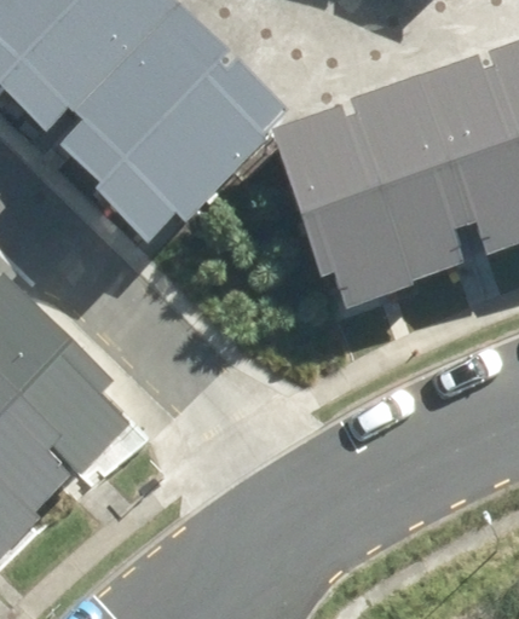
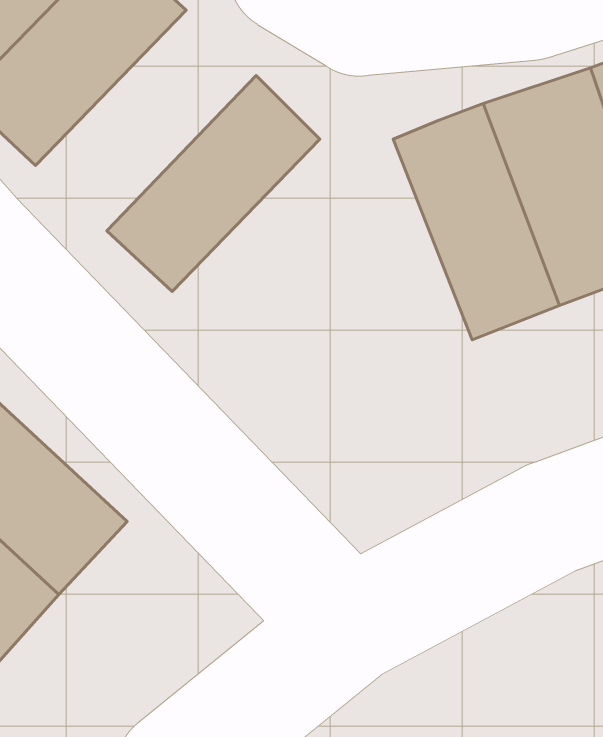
building: [59,16,231,187] -> none
building: [273,116,399,296] -> none

